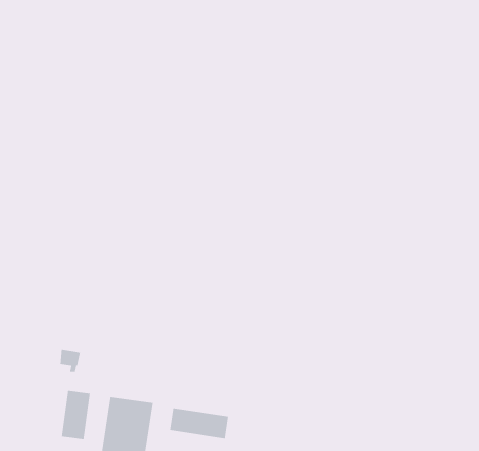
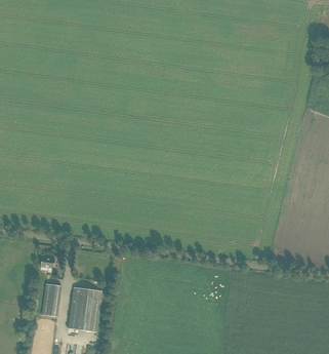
building: [169,408,229,439] -> none

